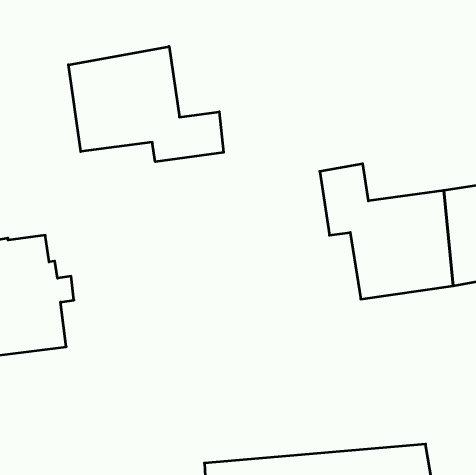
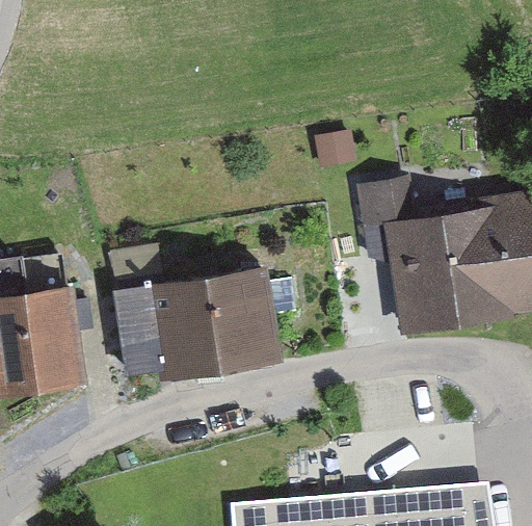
building: [68,46,224,162] -> none
building: none -> [114,271,290,374]

